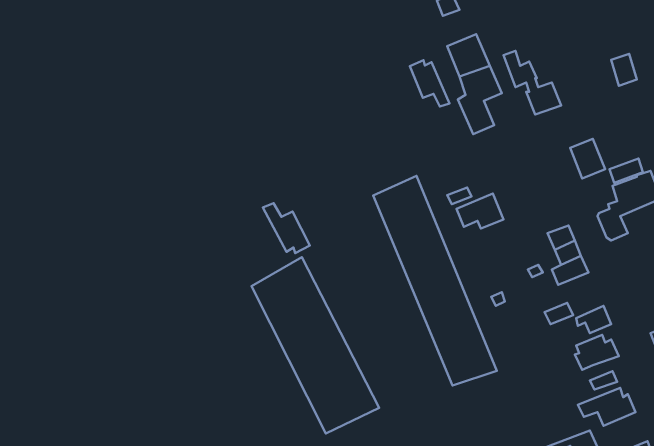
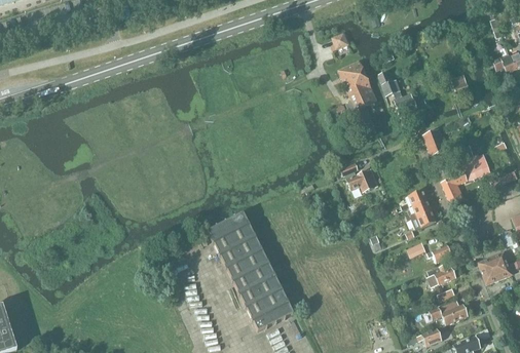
building: [410,60,450,107] -> none
building: [373,176,497,385] -> none
building: [263,203,310,253] -> none

